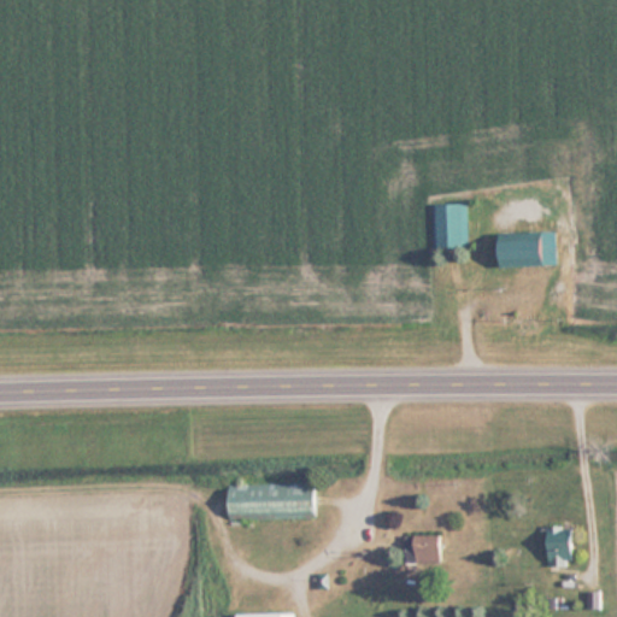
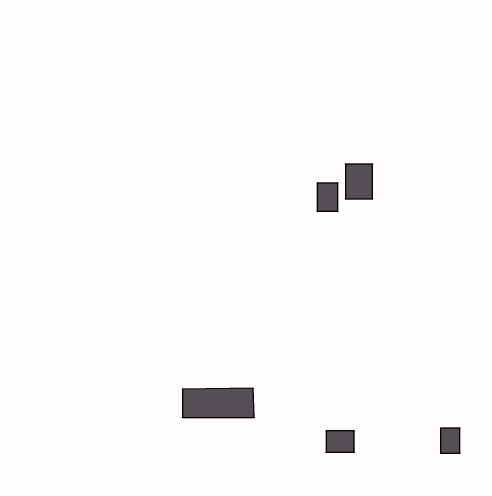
building: none -> [317,183,338,212]
building: [499,233,547,266] -> none

